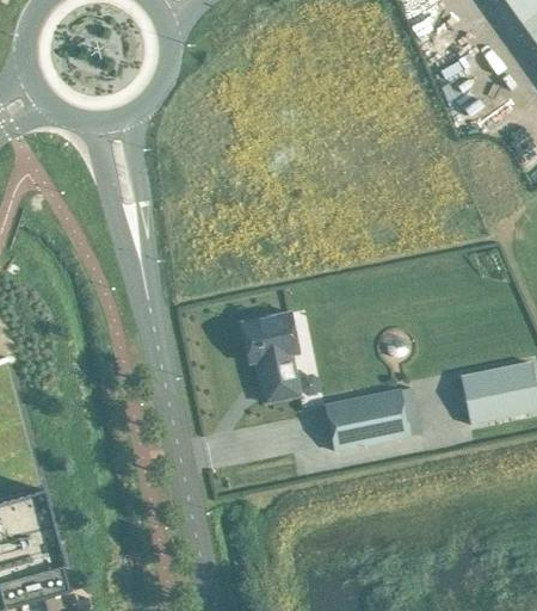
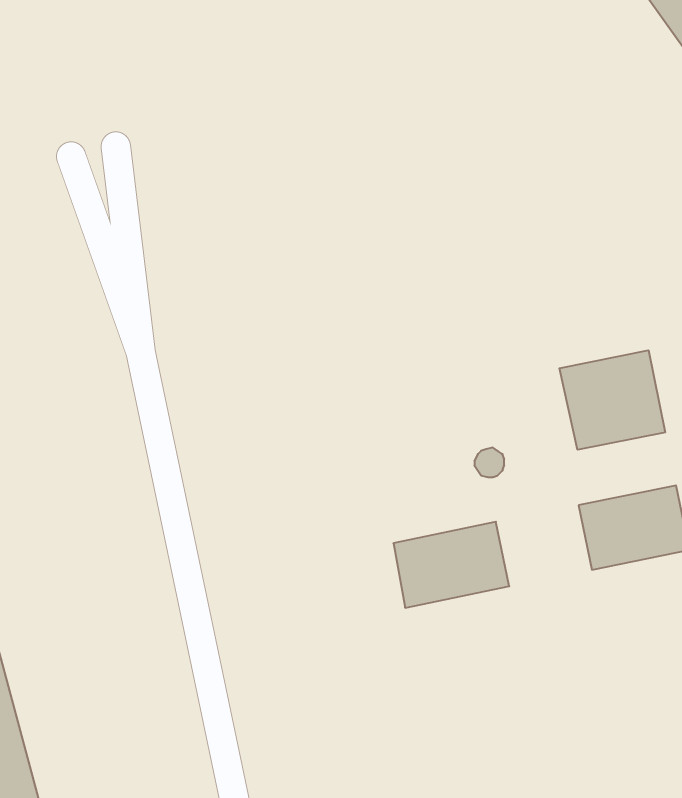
building: none -> [559,350,665,450]
building: [242,310,301,401] -> none

